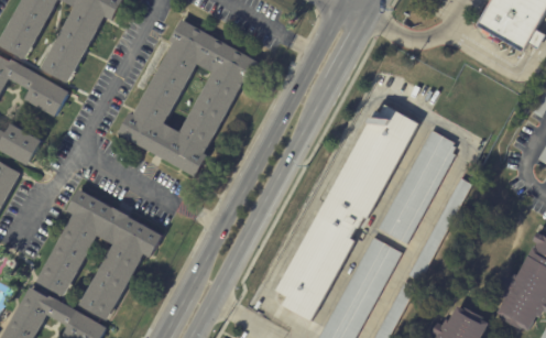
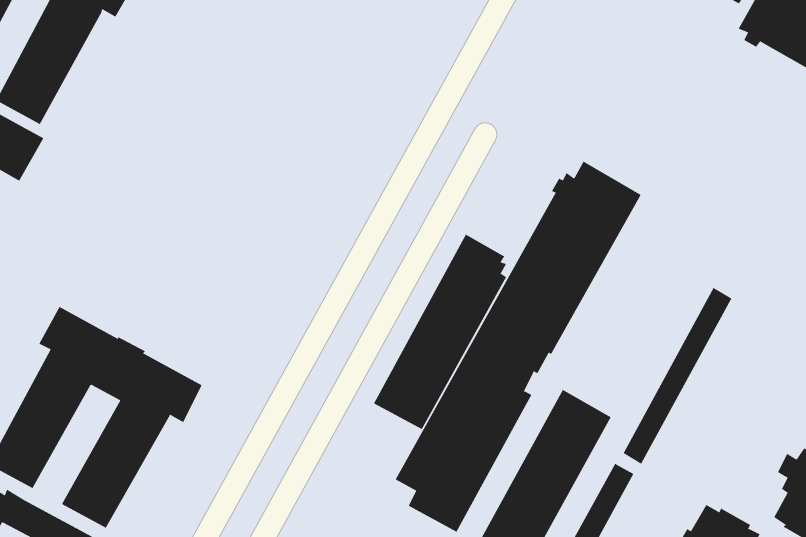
building: [119,20,259,177] -> none
building: [378,129,456,243] -> [373,234,507,430]

